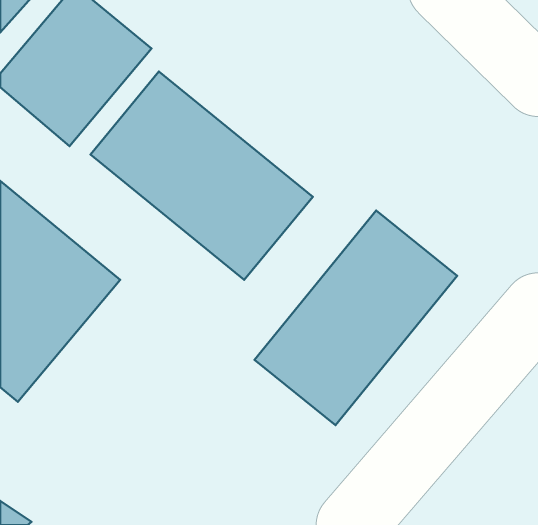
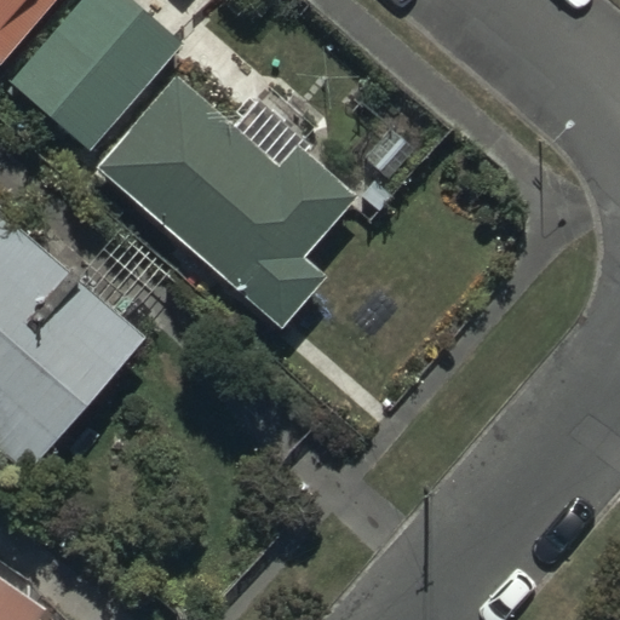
building: [254,211,457,425] -> none

